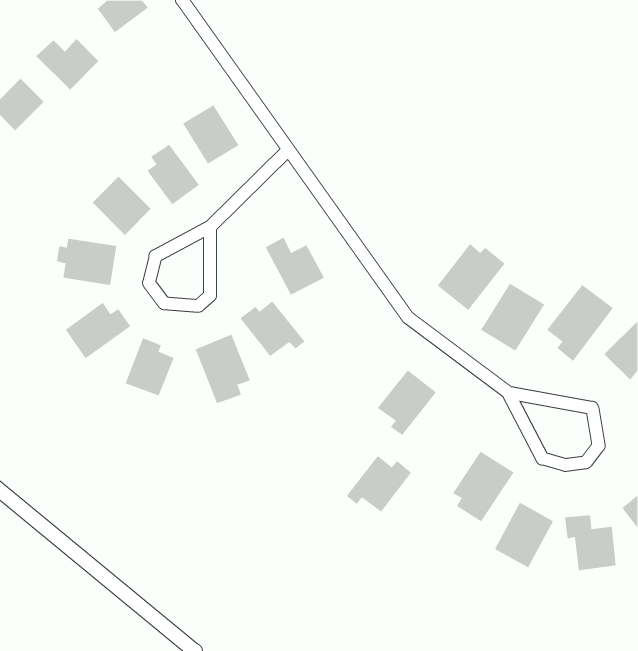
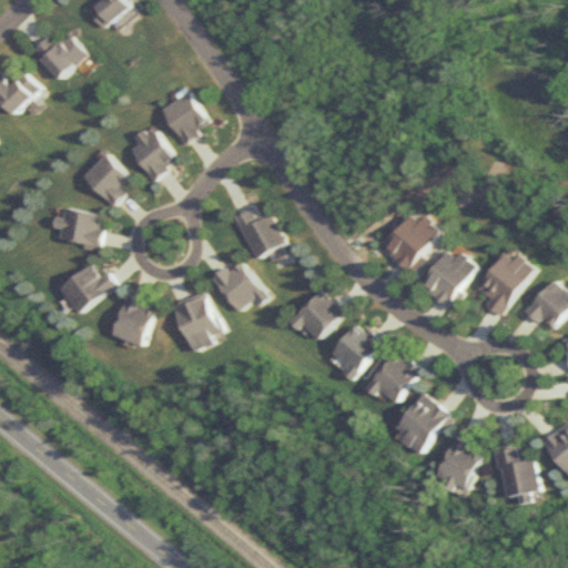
building: none -> [286,286,345,339]
building: [346,455,412,512] -> [363,353,420,403]

